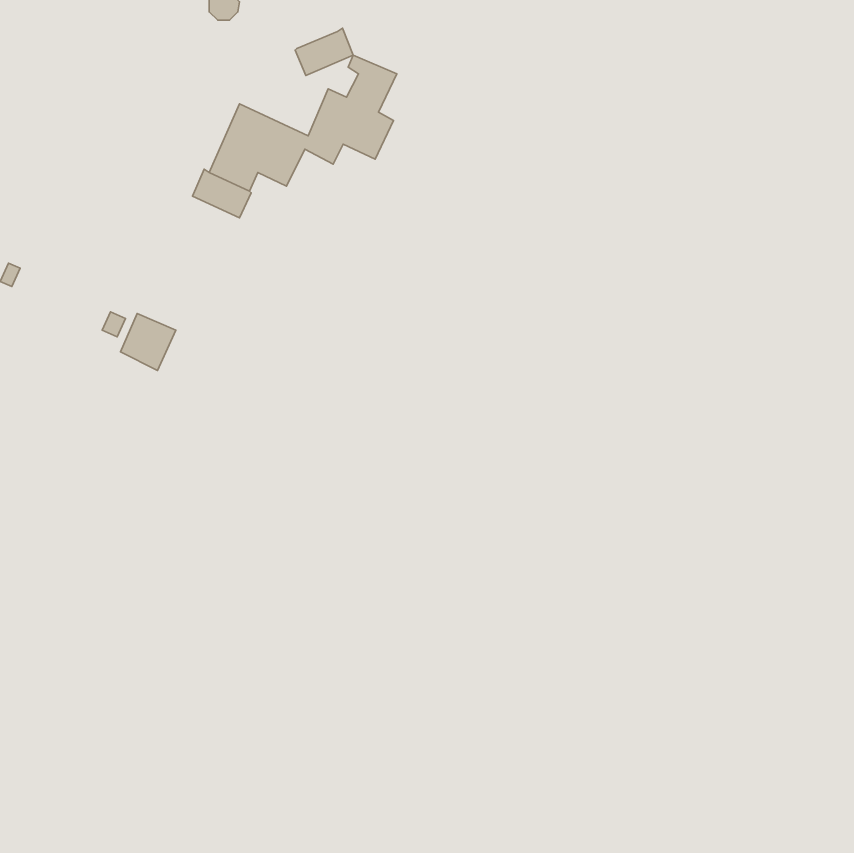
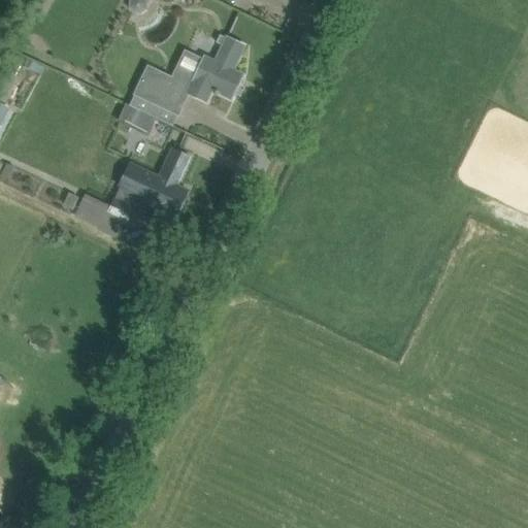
building: [295,28,353,76] -> none
building: none -> [110,147,190,226]

